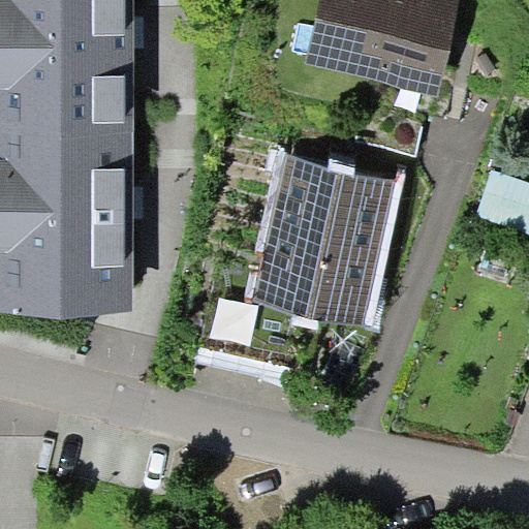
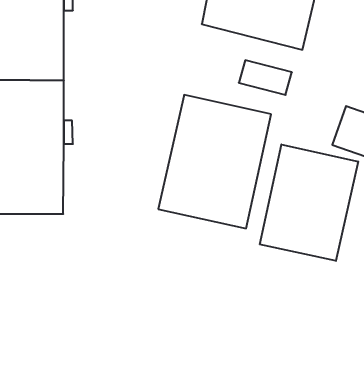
building: none -> [260,144,358,261]

